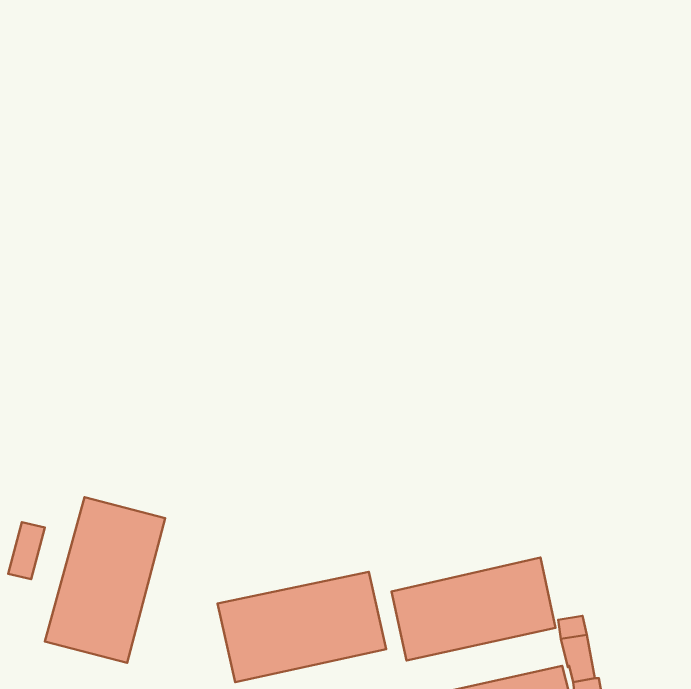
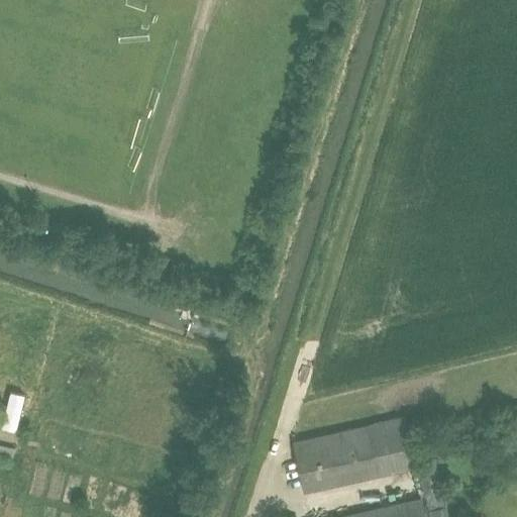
building: [45,497,165,663] -> none
building: [217,572,386,682] -> none

